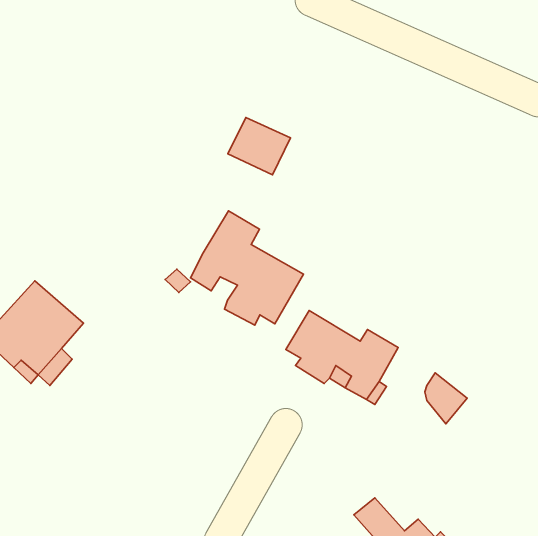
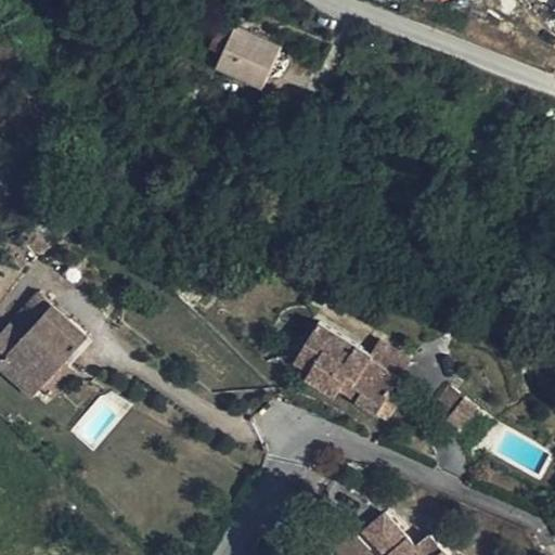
building: [228,118,290,175] -> [215,28,279,87]
building: [191,211,304,325] -> none

